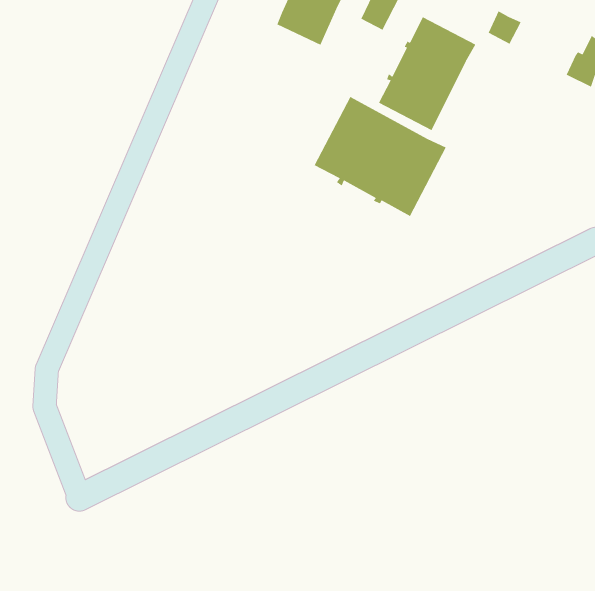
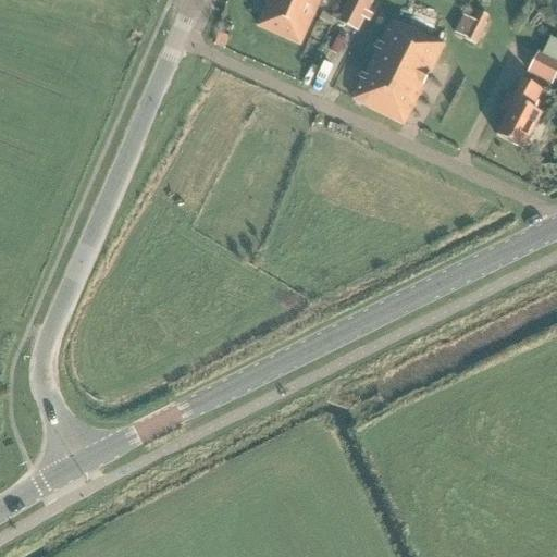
building: none -> [497,75,543,146]
building: [314,96,446,217] -> none

